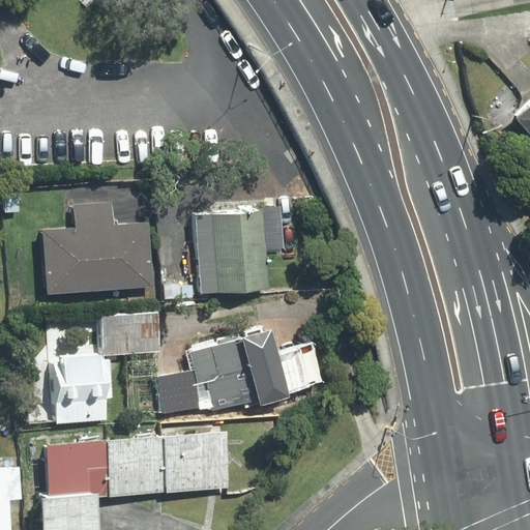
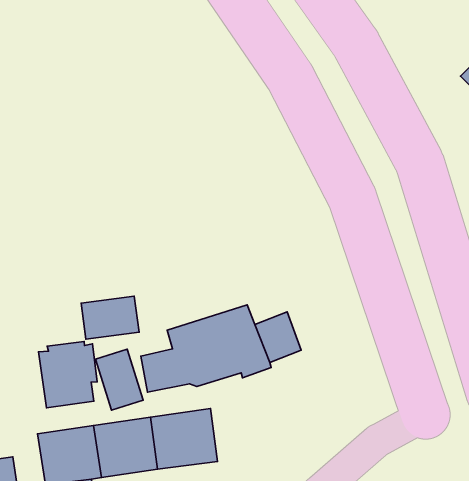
building: [41,203,152,295] -> none
building: [195,208,284,294] -> none
building: none -> [95,349,143,410]

